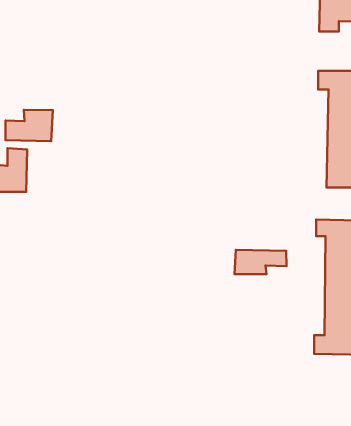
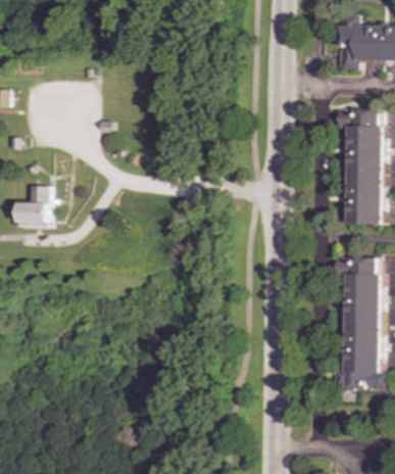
building: [5,110,53,141] -> none
building: [235,250,286,274] -> none

